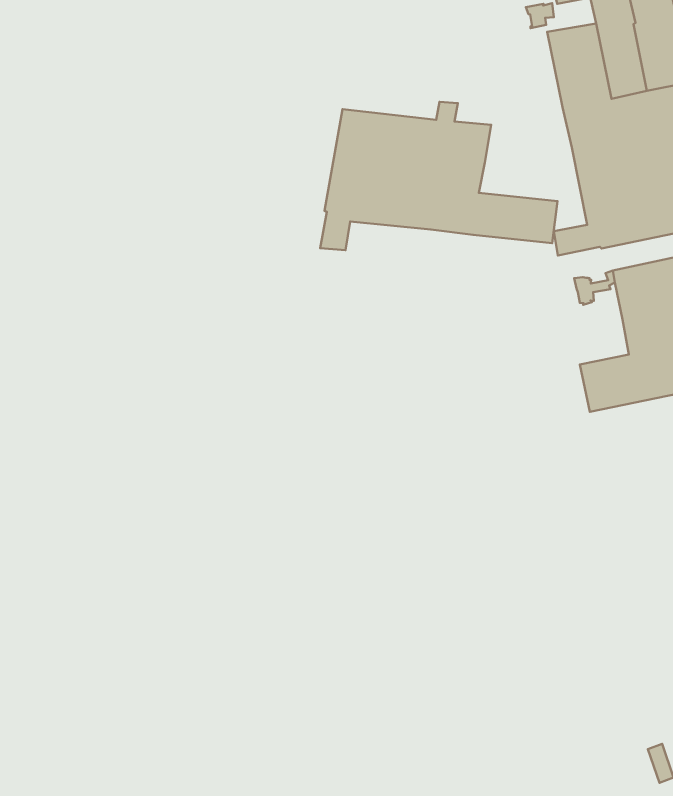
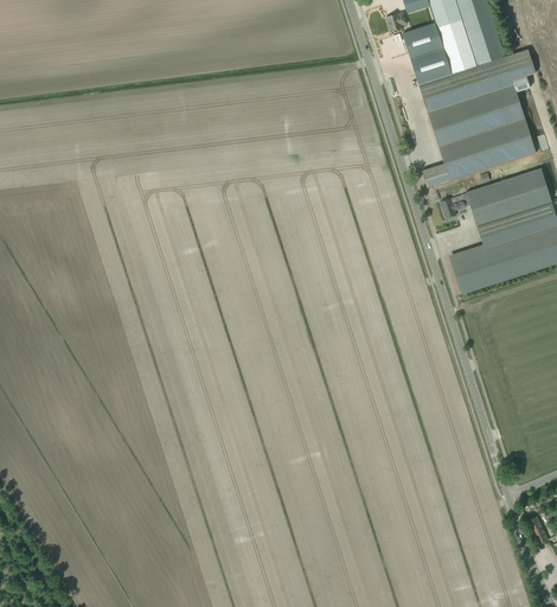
building: [320,102,558,250] -> none

